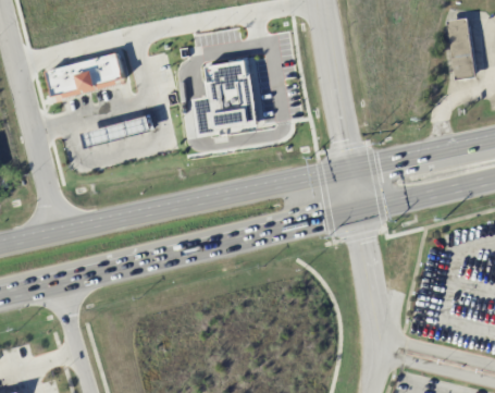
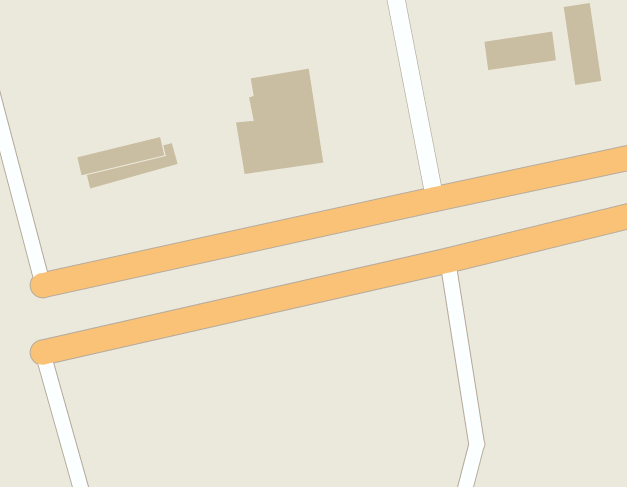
building: none -> [484,31,557,71]
building: [49,51,127,99] -> none

